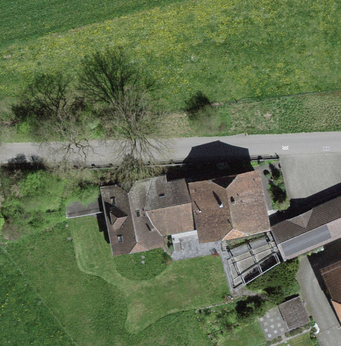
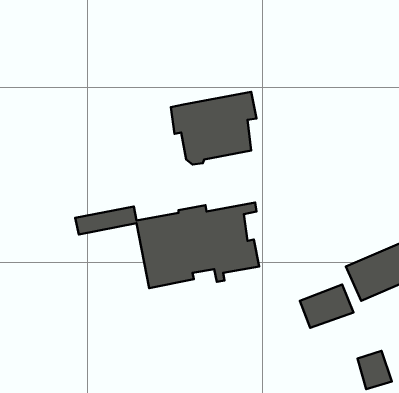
building: [193,177,260,234] -> [171,92,256,165]

